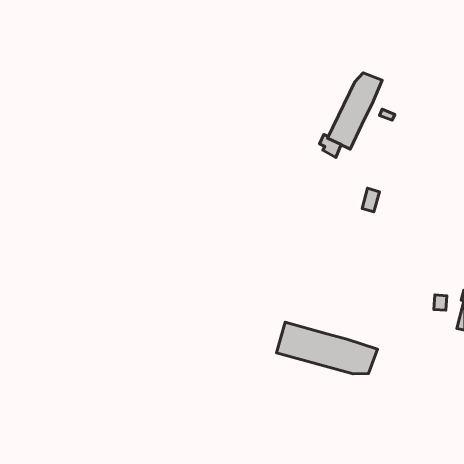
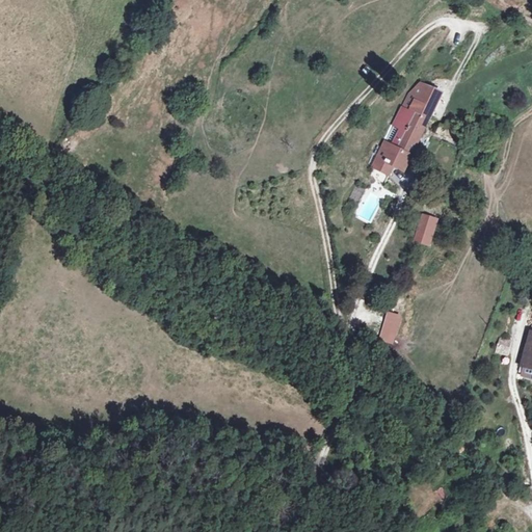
building: none -> [379,310,402,344]
building: [277,322,378,374] -> none

